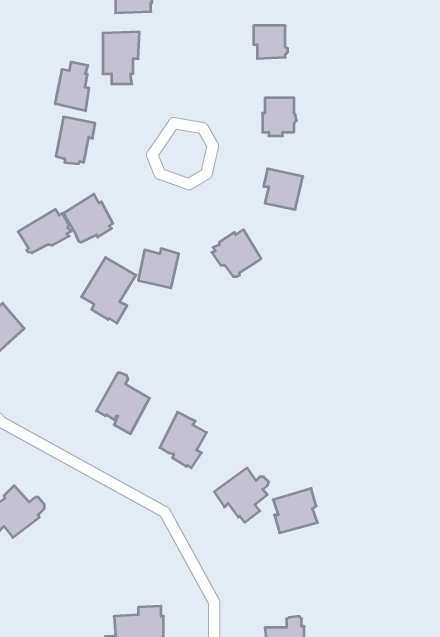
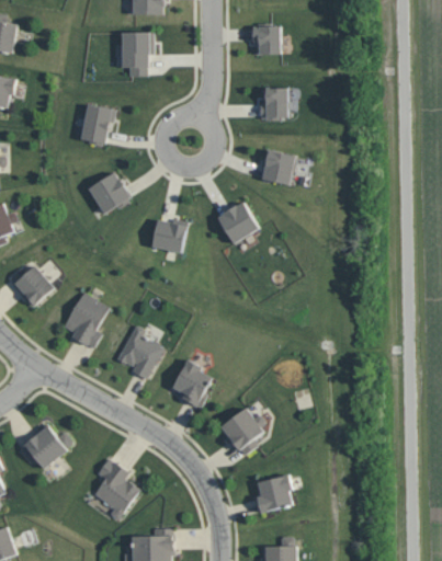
building: [55,62,89,111] -> none
building: [18,209,72,253] -> none
building: [81,257,136,323] -> [61,291,109,348]
building: [273,488,318,533] -> [253,473,292,512]
building: none -> [92,458,139,518]

